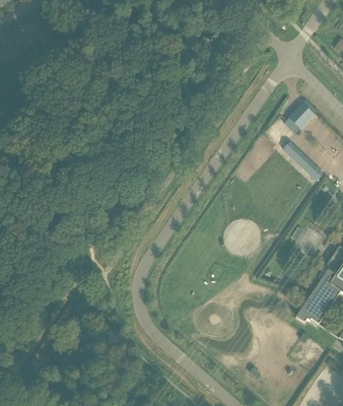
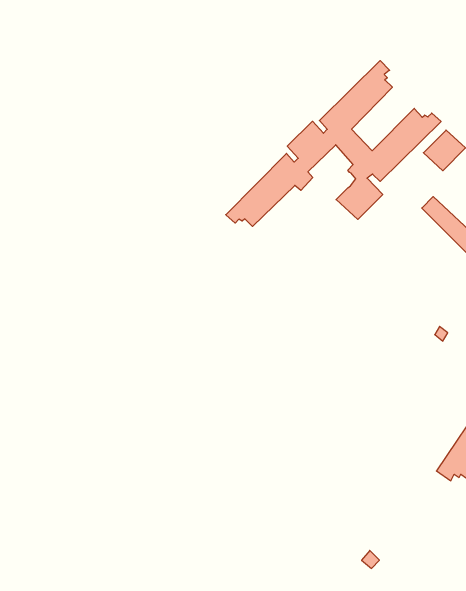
building: none -> [226,61,441,226]

